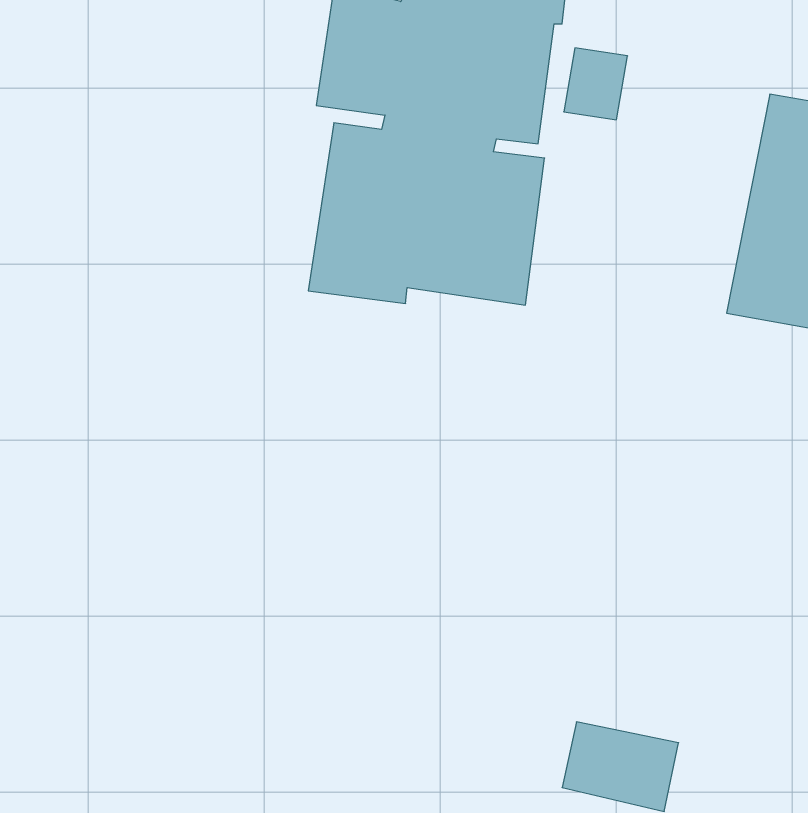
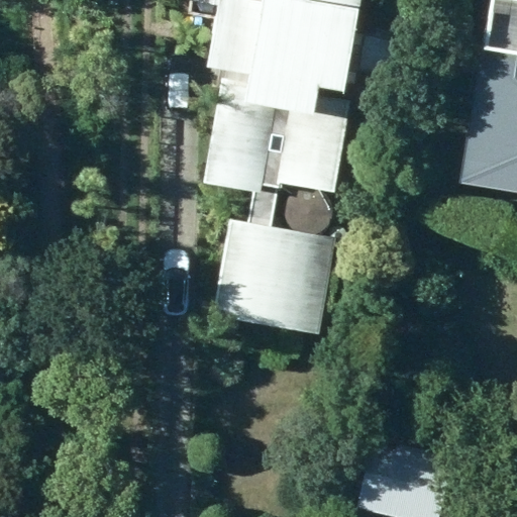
building: none -> [212,217,337,334]

